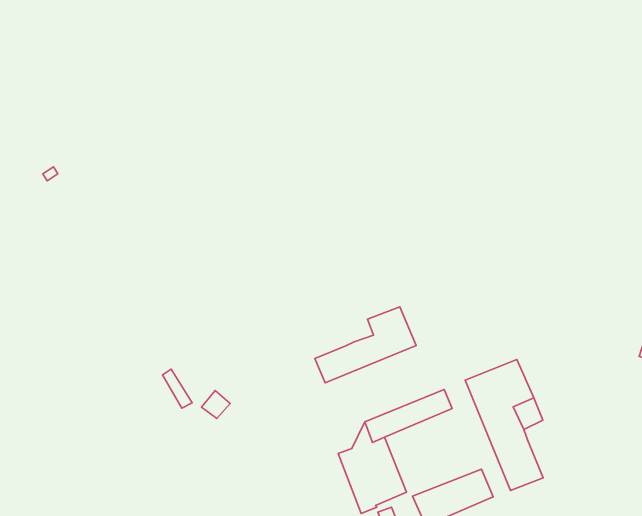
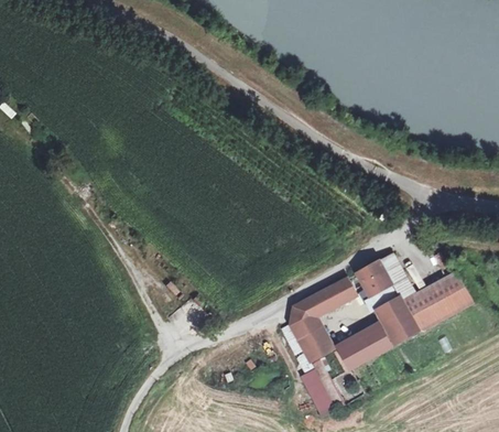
building: [315,307,416,383] -> none
building: none -> [405,276,473,332]

